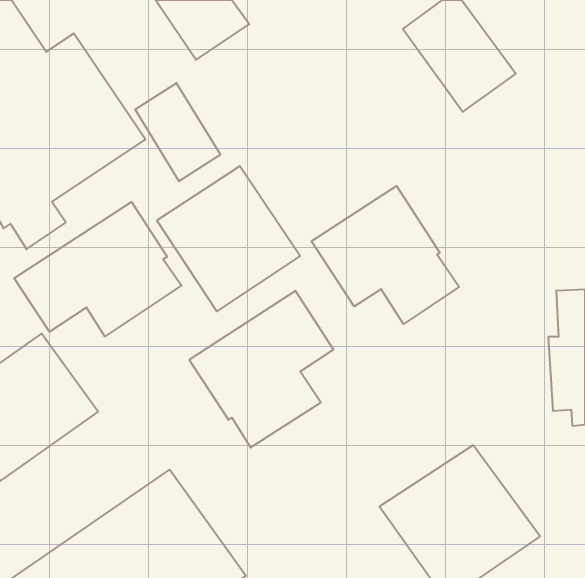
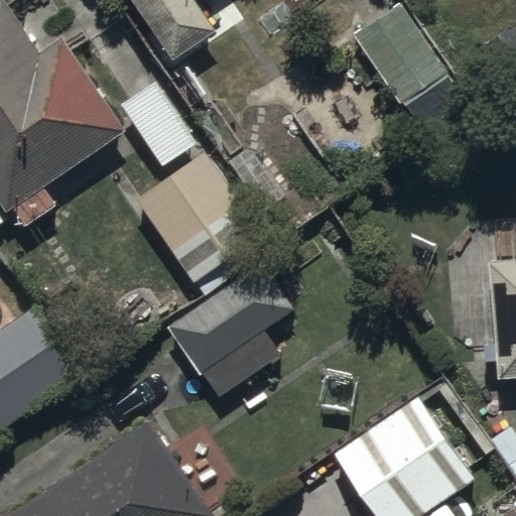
building: [312,186,459,324] -> none
building: [14,202,182,336] -> none

